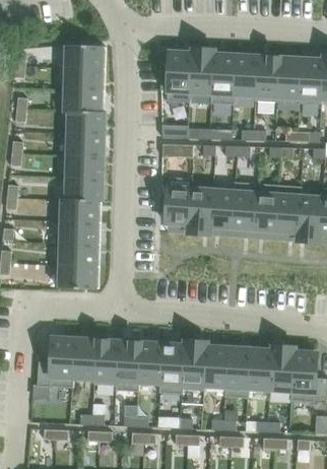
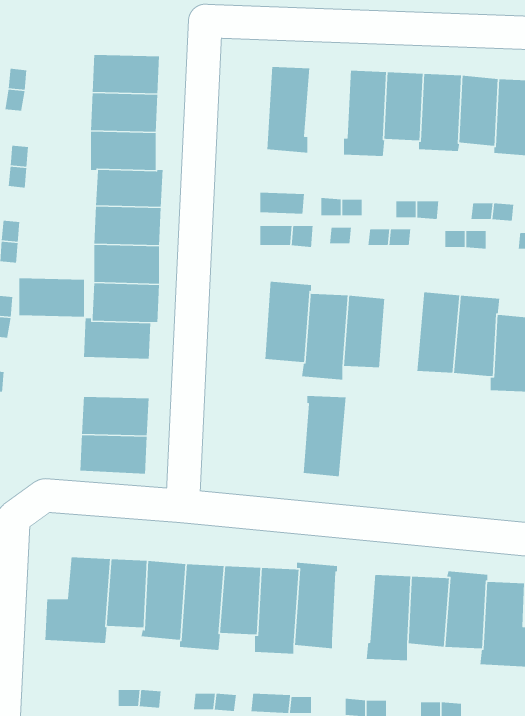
building: [188,49,214,93] -> none
building: [232,182,257,229] -> [303,395,347,477]
building: [59,221,97,245] -> [18,277,85,318]
building: [204,346,228,387] -> none

